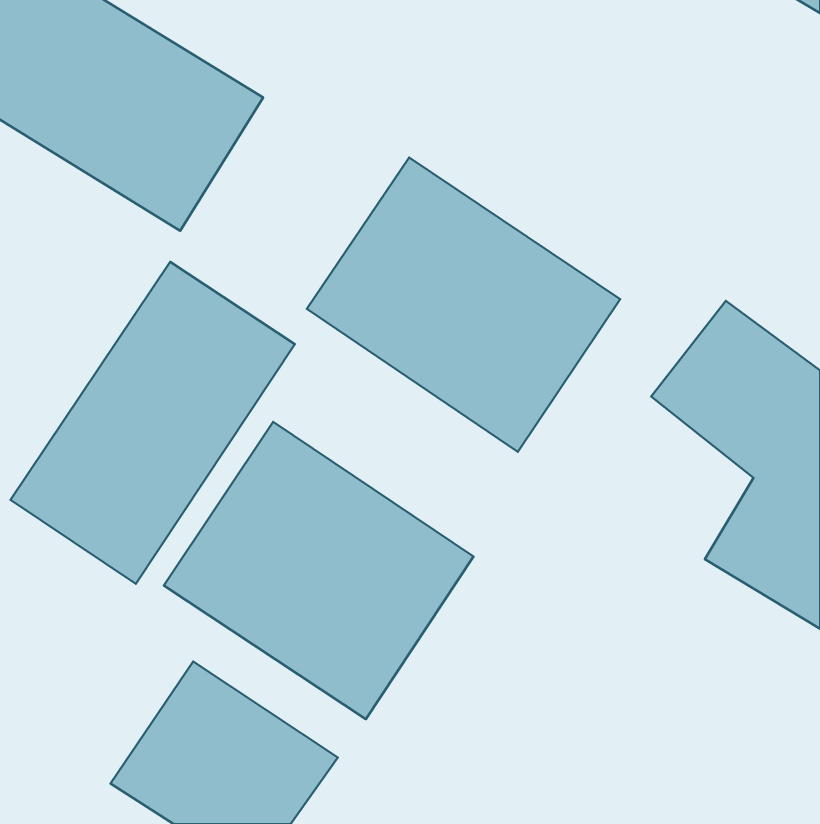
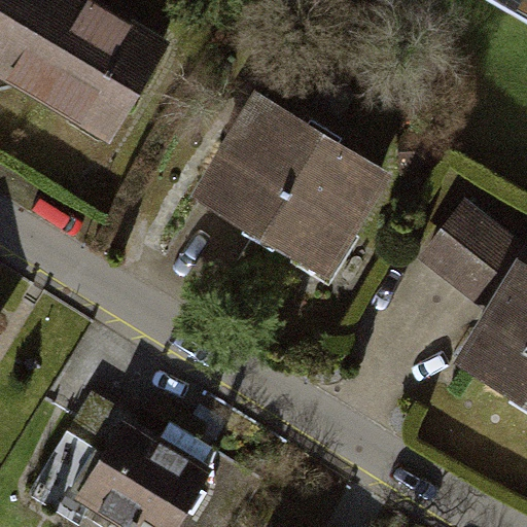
building: [11,262,295,584] -> none
building: [164,422,474,719] -> none

